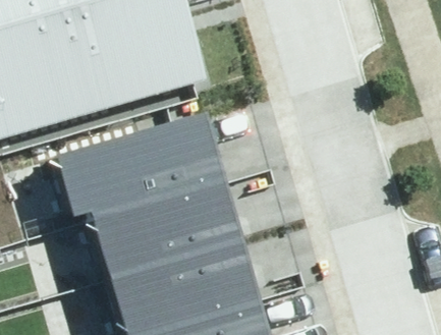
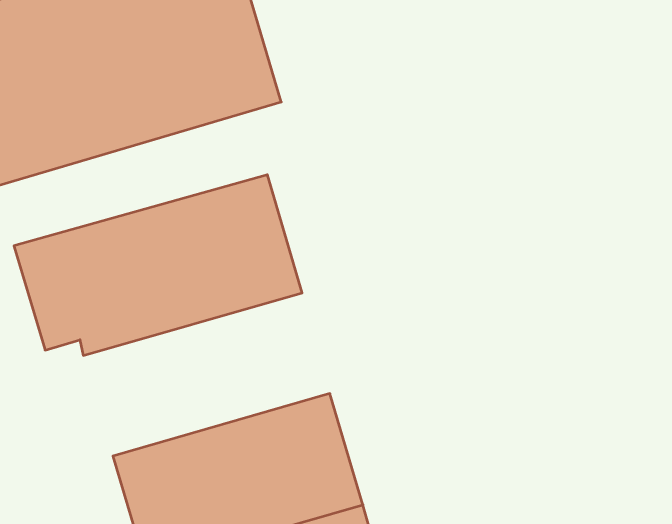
building: [93,185,237,281] -> none

